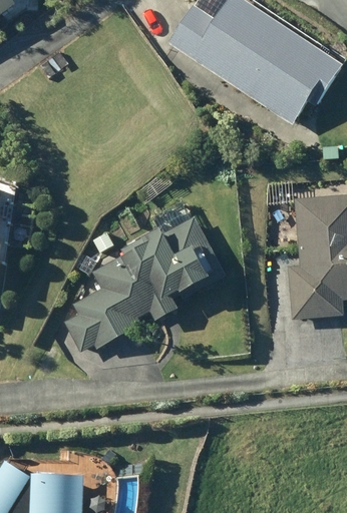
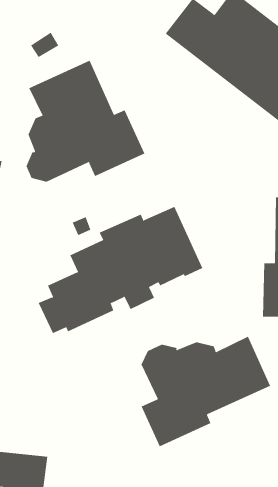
building: none -> [26,60,145,183]
building: none -> [141,336,271,447]

